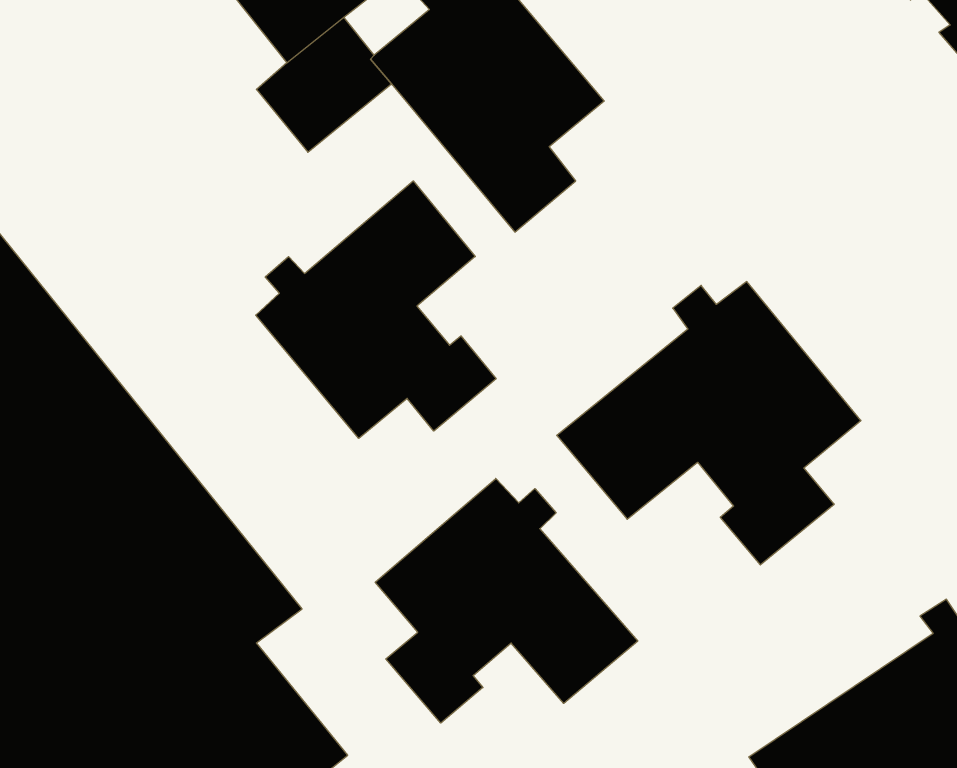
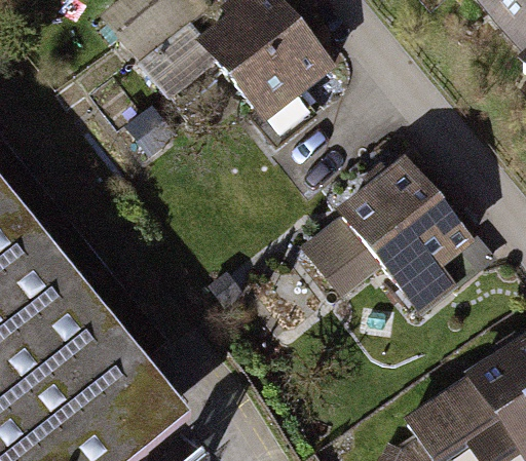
building: [256,181,496,438] -> none
building: [375,478,638,723] -> none

